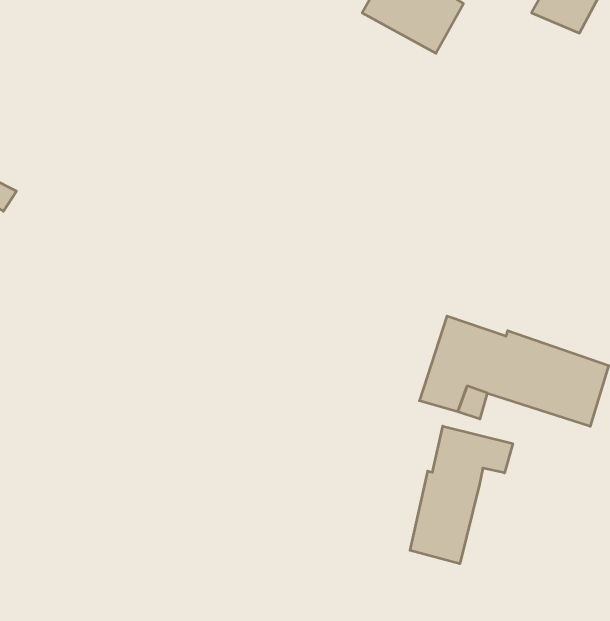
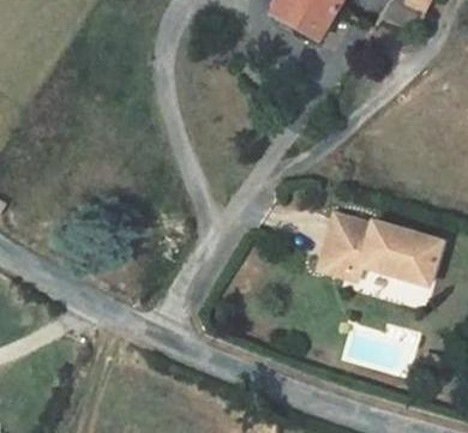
building: [410,426,513,564] -> none

